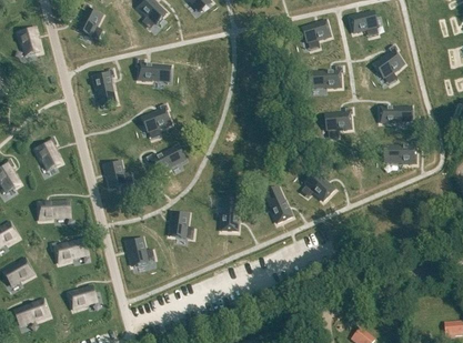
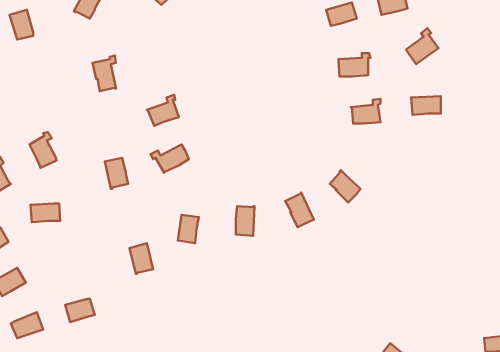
building: [137,60,167,82] -> none
building: [390,143,419,163] -> none
building: [51,242,83,263] -> none

